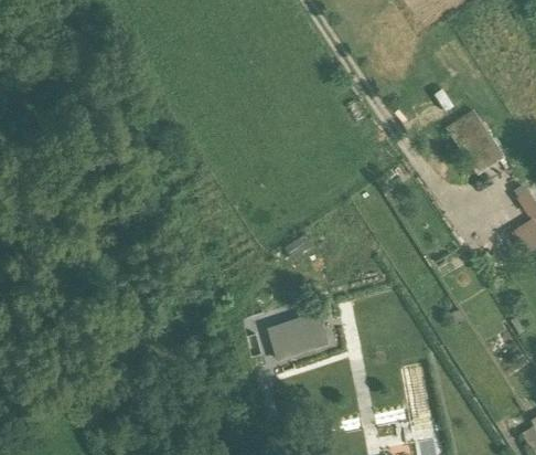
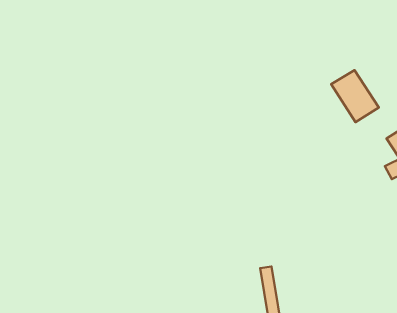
building: [266,315,328,359] -> none

